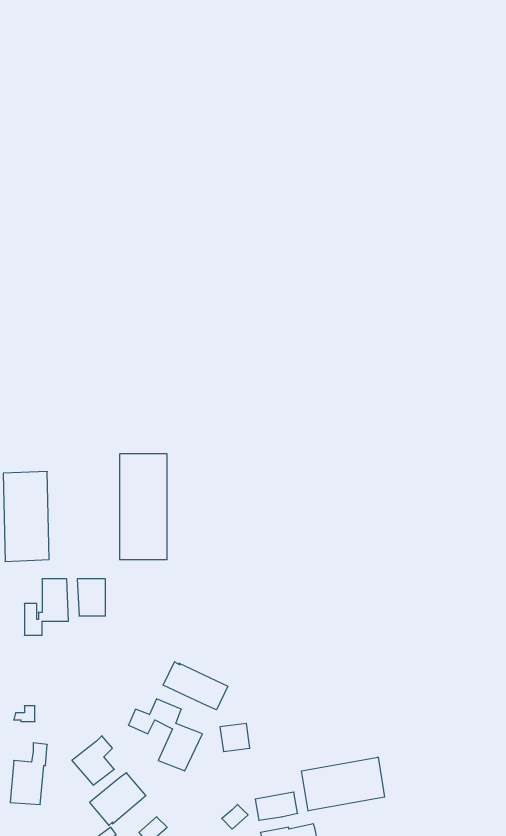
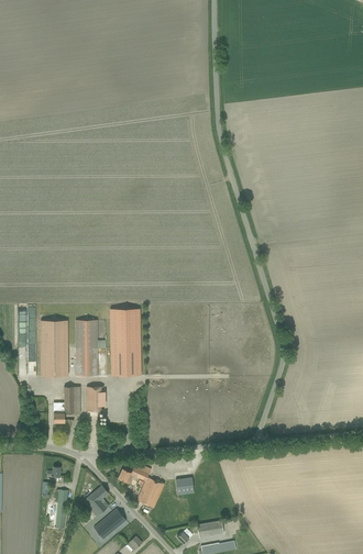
building: none -> [75,320,97,375]
building: [163,662,228,710] -> none
building: [302,757,385,811] -> none

